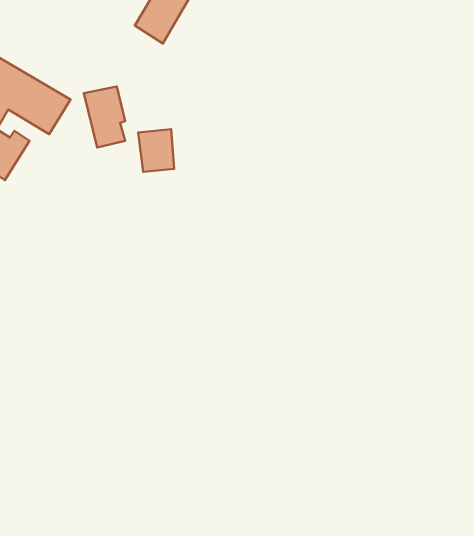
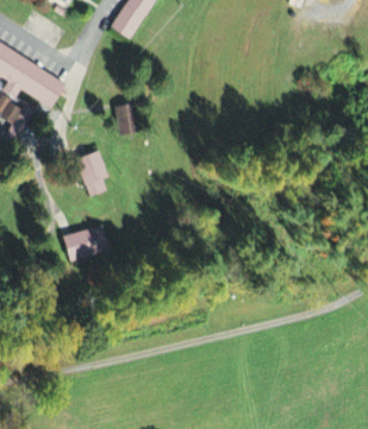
building: [84,86,125,147] -> [76,151,106,195]
building: none -> [61,225,107,260]

